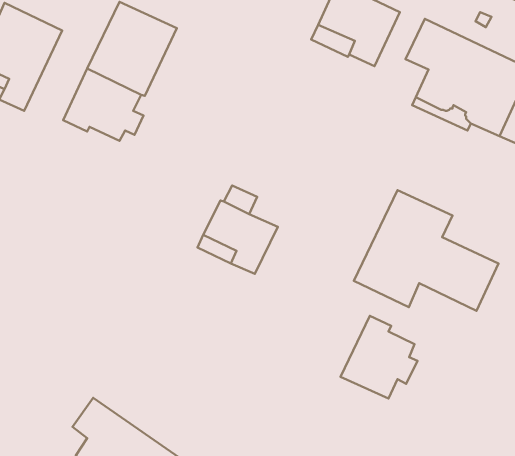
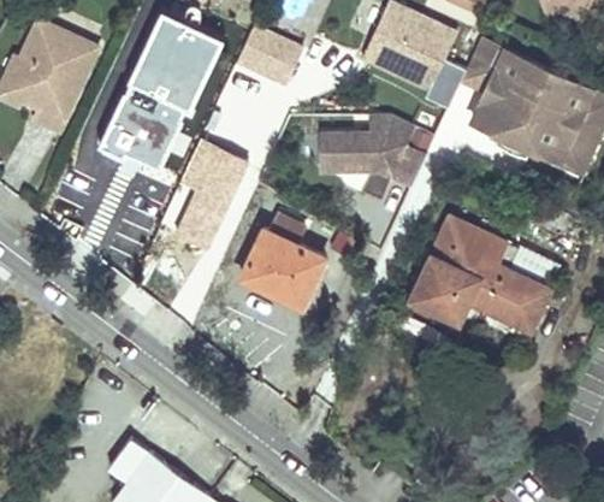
building: none -> [236,23,302,82]
building: none -> [318,112,426,188]
building: none -> [176,142,245,244]
building: [340,316,417,399] -> none

